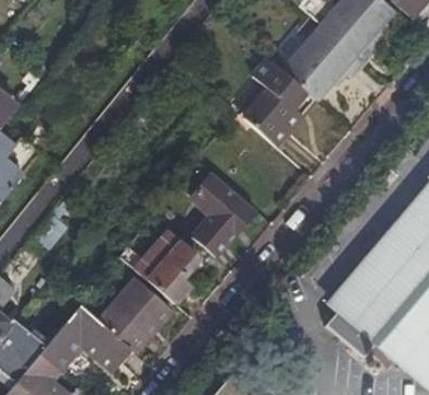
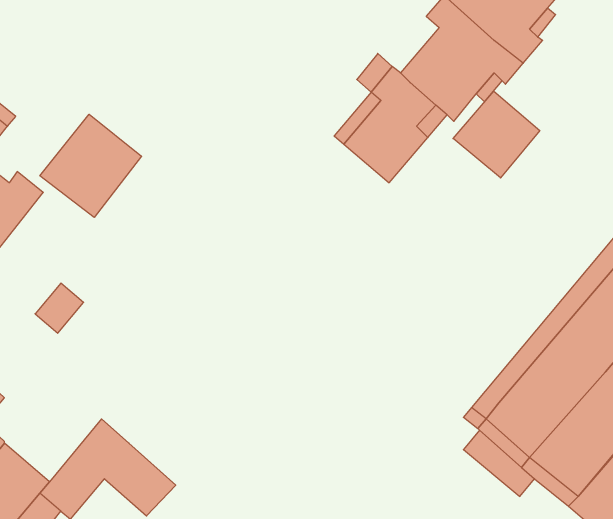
building: none -> [453,91,540,178]
building: none -> [40,114,142,217]
building: [179,162,255,258] -> none
building: [134,232,207,305] -> none
building: [98,279,171,352] -> none

